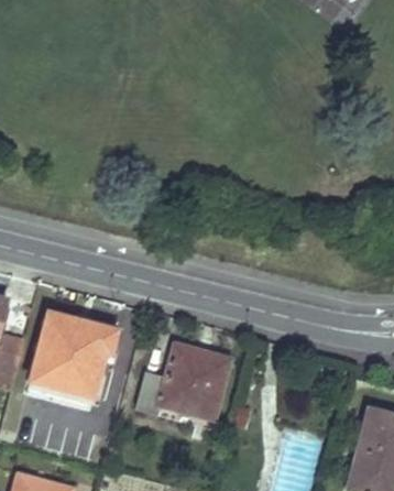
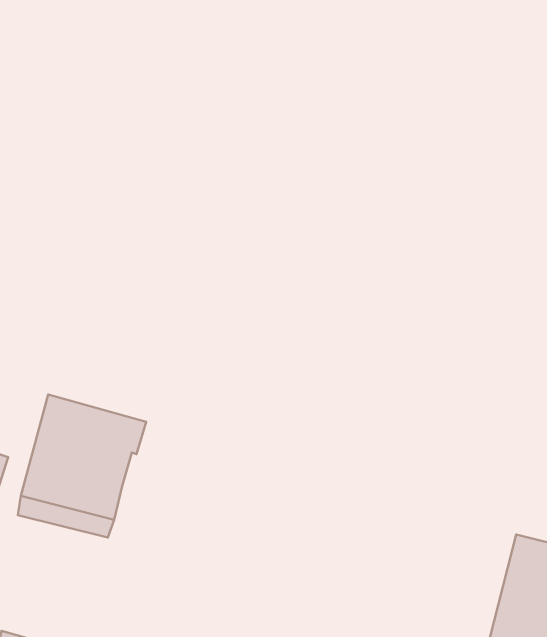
building: [136,345,230,416] -> none

